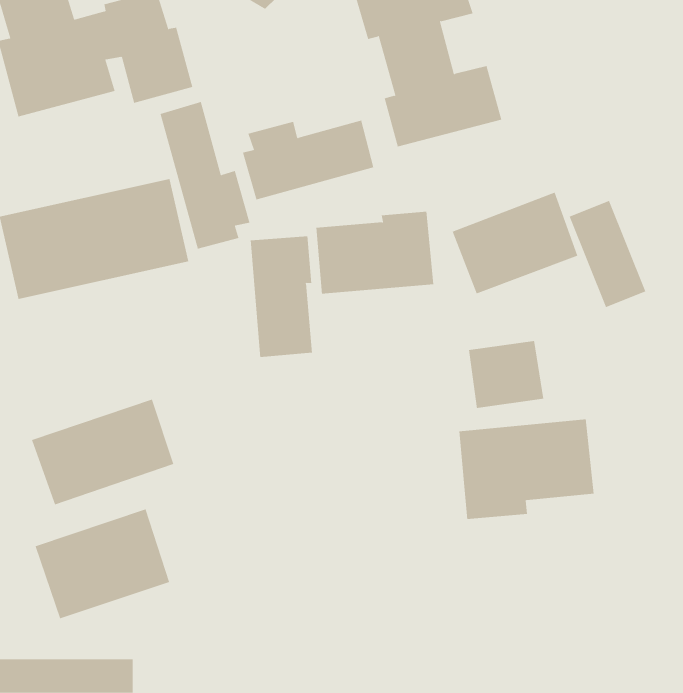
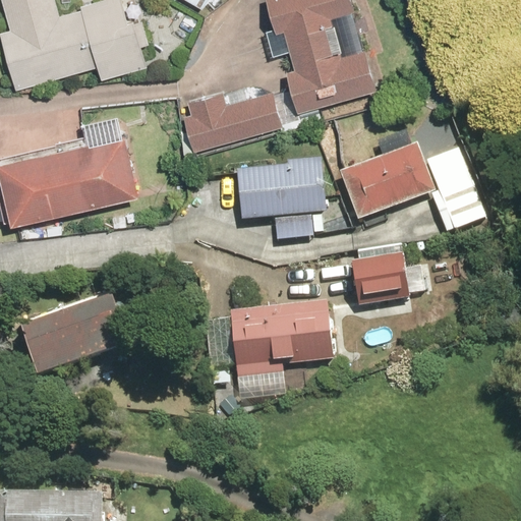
building: [160,101,250,249] -> none
building: [250,236,312,358] -> none
building: [458,419,595,520] -> [229,302,331,378]
building: [35,509,170,619] -> none

